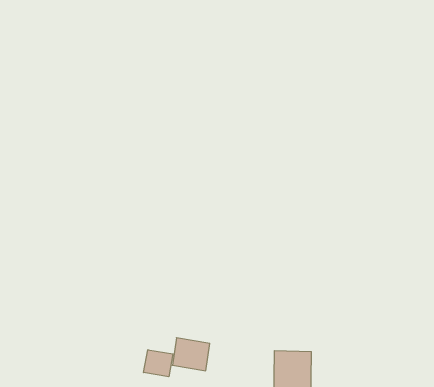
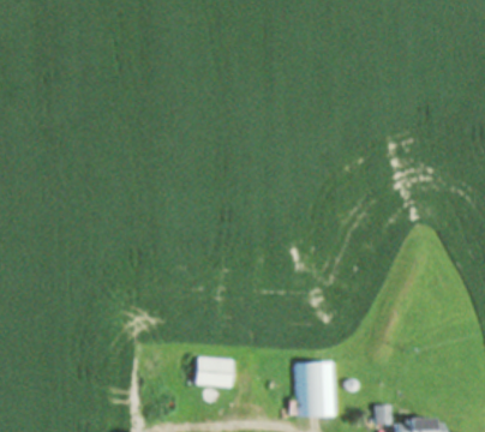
building: [144,350,173,377] -> none

